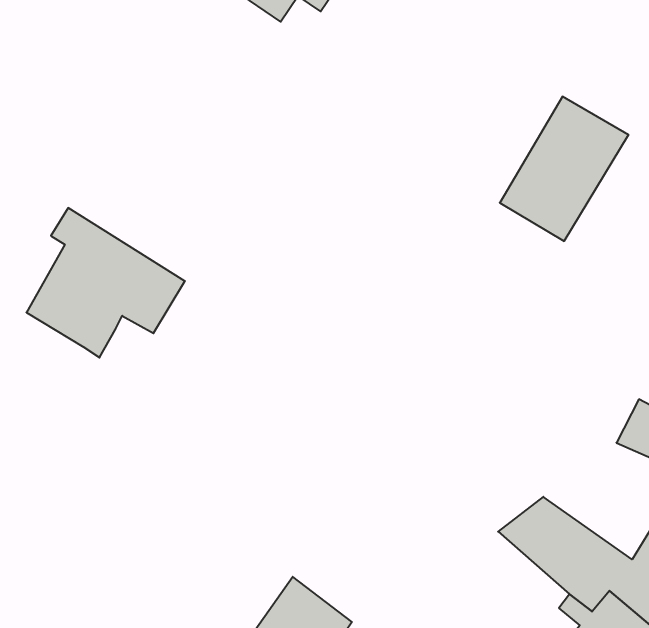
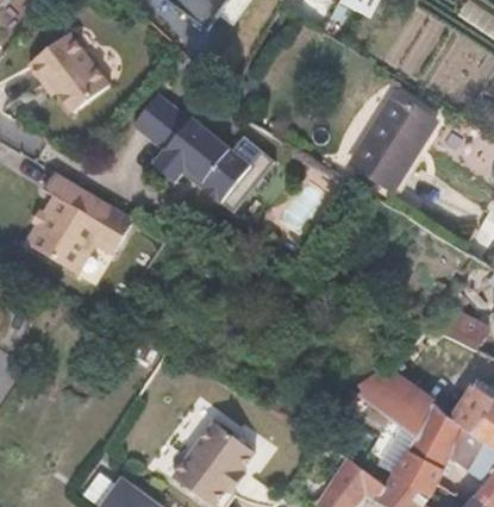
building: none -> [29,35,108,113]
building: none -> [133,96,254,204]

